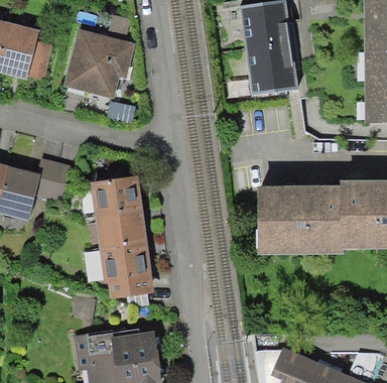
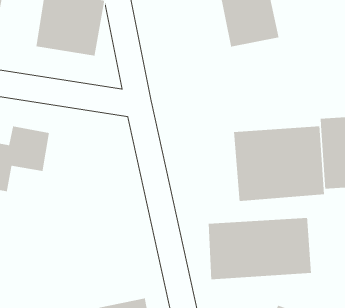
building: [93,177,153,298] -> none
building: none -> [208,217,312,280]

